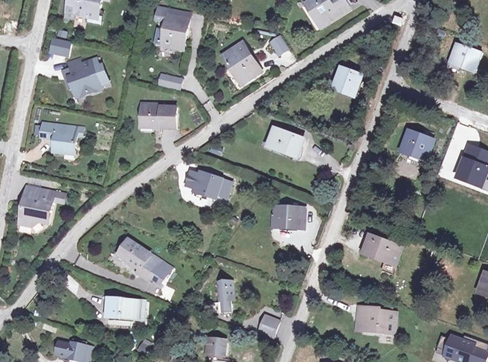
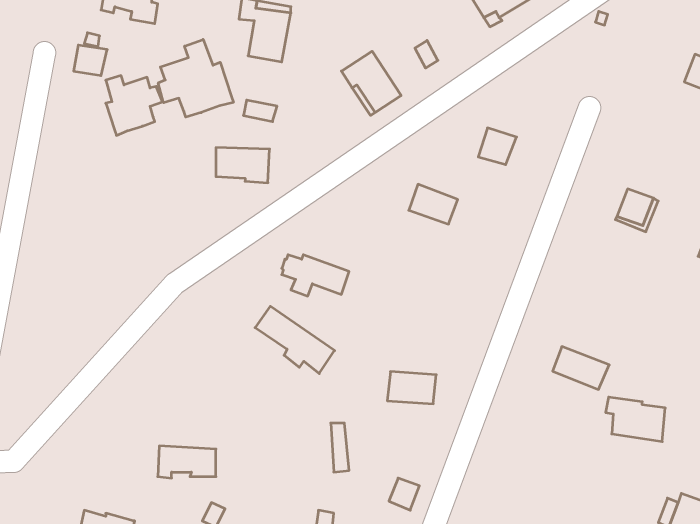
building: none -> [158,39,233,117]
building: [334,69,359,93] -> [478,128,517,165]
building: [41,121,78,151] -> none
building: [19,184,54,225] -> none
building: [269,209,301,230] -> [387,372,436,404]
building: [115,241,167,285] -> [255,306,335,374]
building: [357,302,396,331] -> [606,397,665,442]

